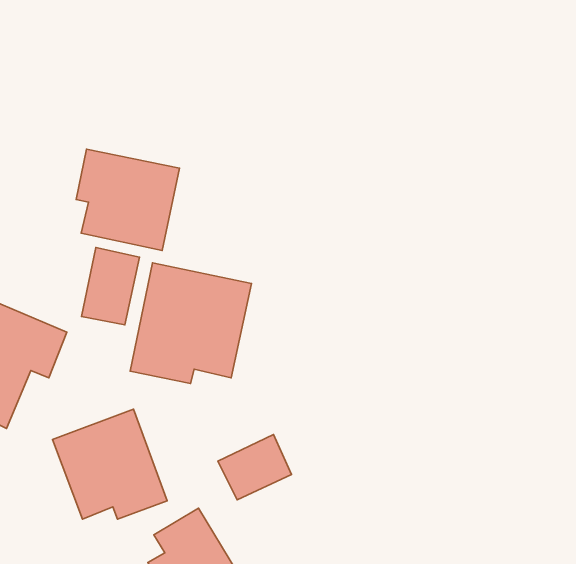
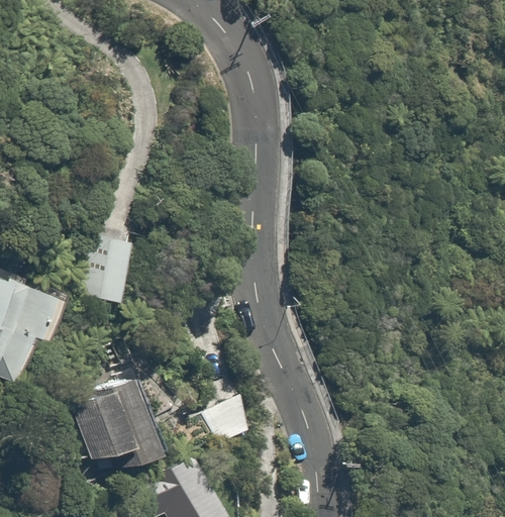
building: [76,149,180,251] -> none
building: [130,263,251,384] -> none

